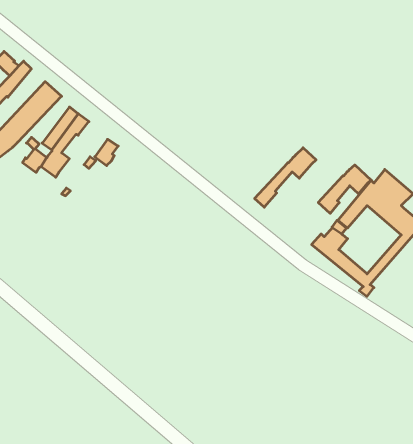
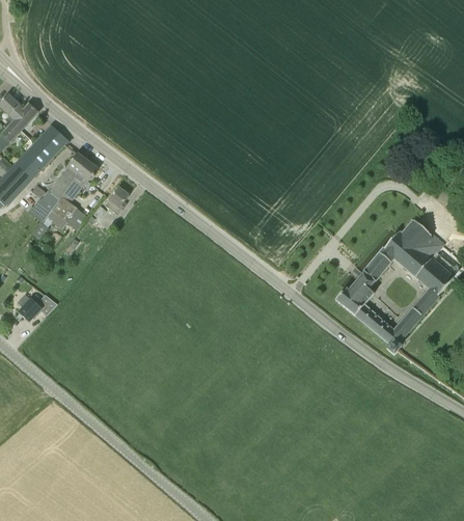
building: [255,148,316,207] -> none
building: [318,165,371,213] -> none
building: none -> [17,294,56,321]

